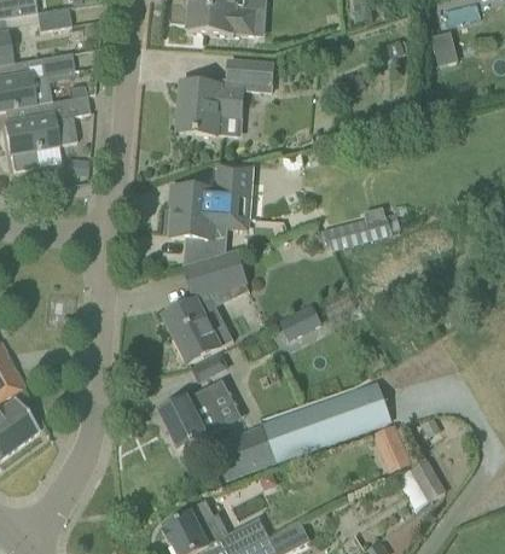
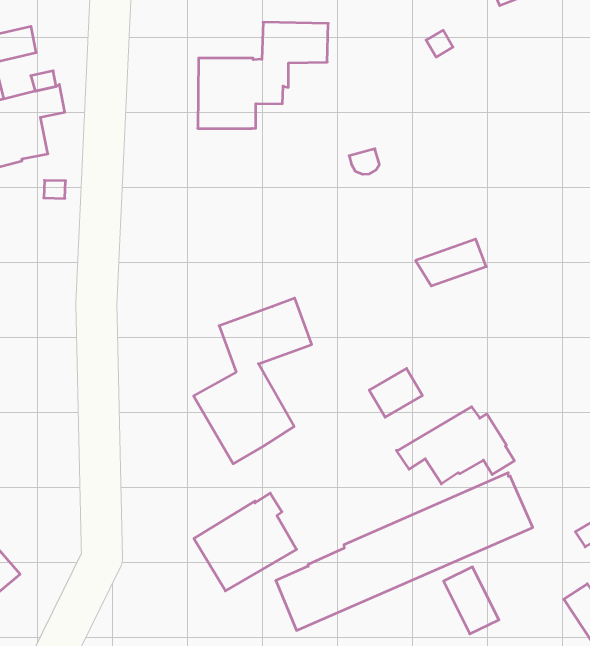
building: [170,161,252,268] -> none
building: none -> [396,407,514,484]
building: [373,425,410,471] -> [444,567,499,634]

